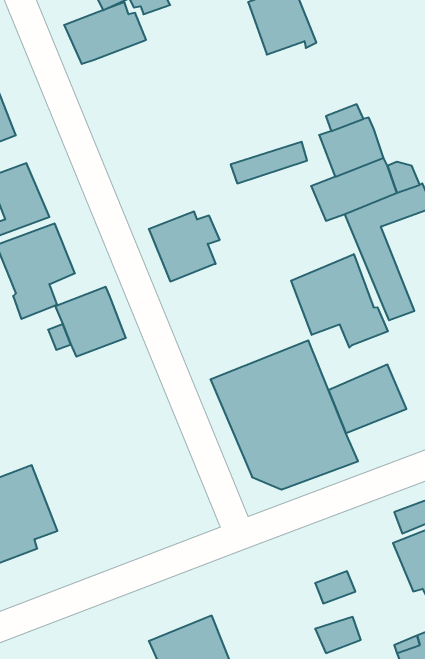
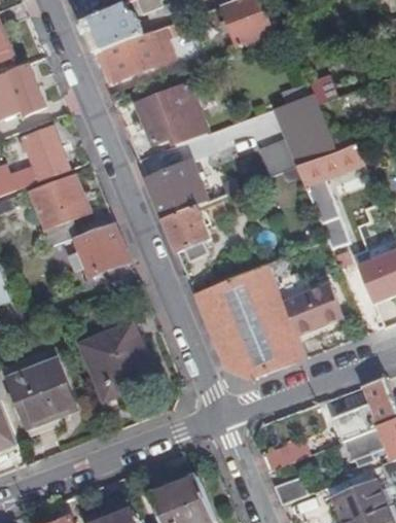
building: none -> [104,28,163,79]
building: none -> [136,82,208,145]
building: [291,254,388,348] -> none
building: none -> [163,205,209,262]
building: none -> [79,323,151,400]

